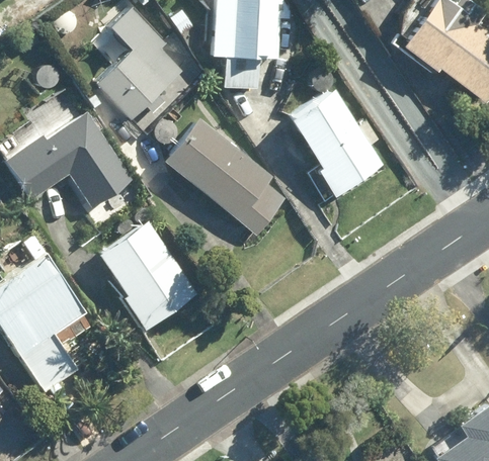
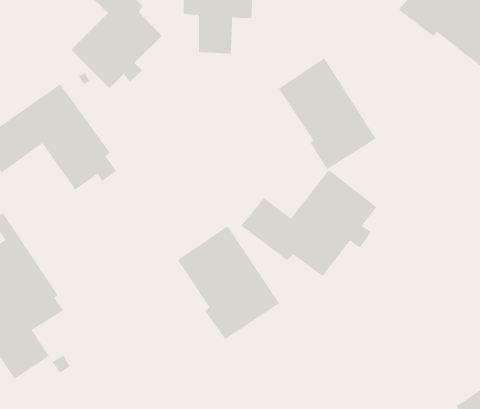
building: [165,118,284,234] -> none
building: none -> [241,169,377,277]
building: [98,220,194,328] -> [177,225,280,340]

